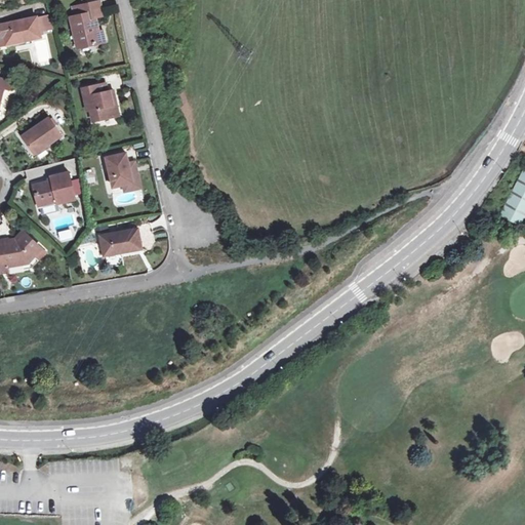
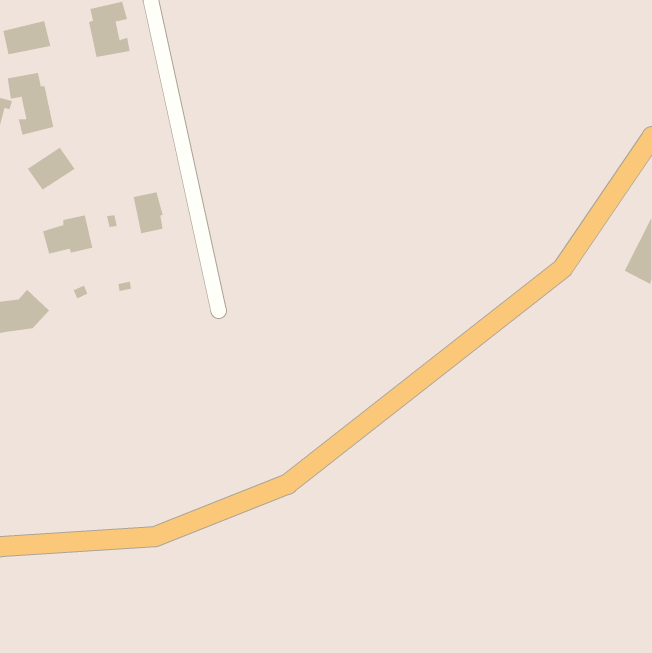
building: none -> [7,72,54,135]
building: [82,84,114,122] -> none
building: [100,229,140,256] -> none

